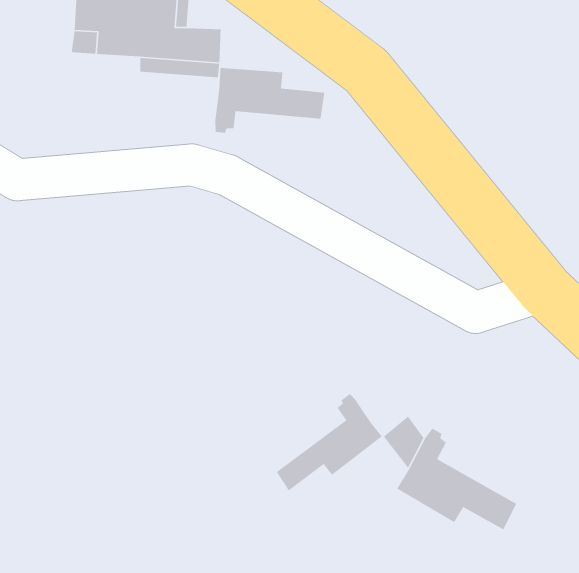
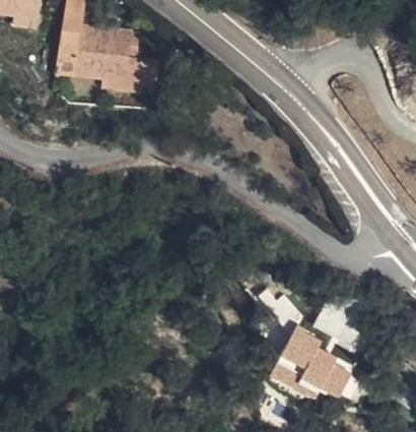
building: [214,67,325,133] -> none
building: [276,393,383,491] -> none

